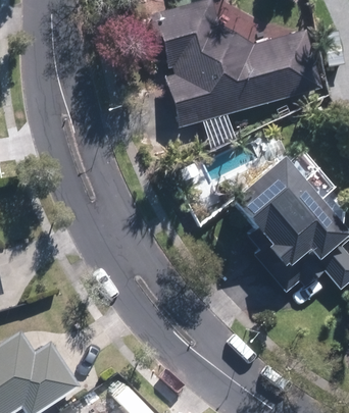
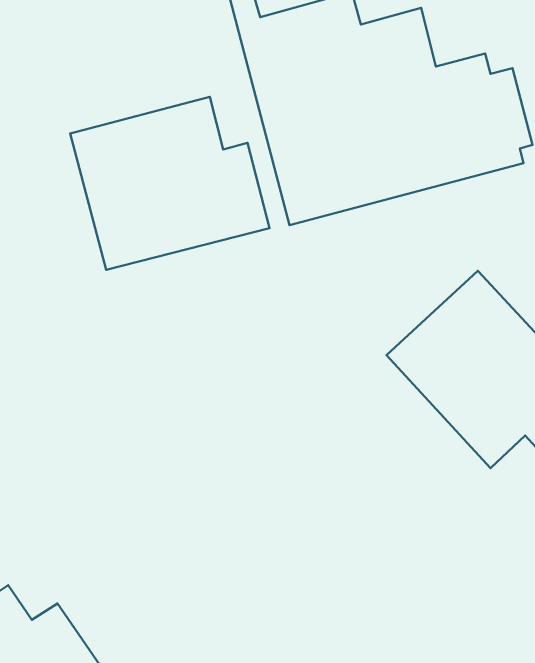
building: none -> [70,97,269,270]

